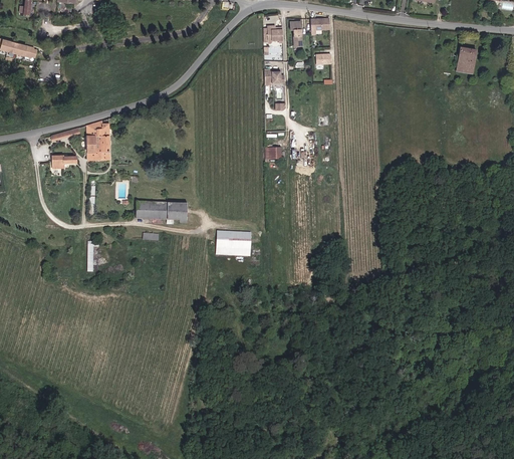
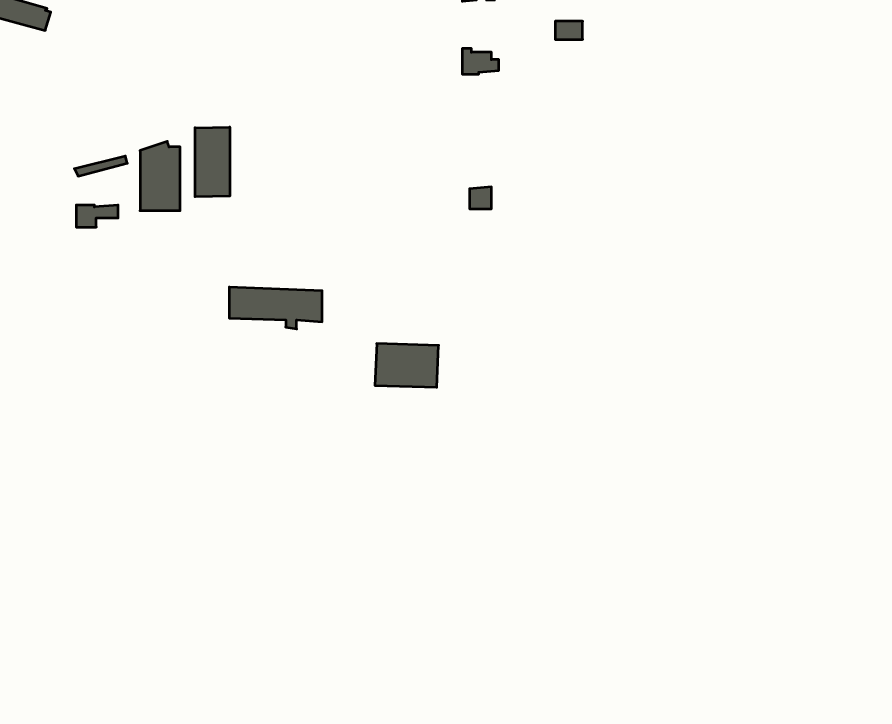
building: [457,47,477,73] -> none
building: none -> [195,127,230,197]

